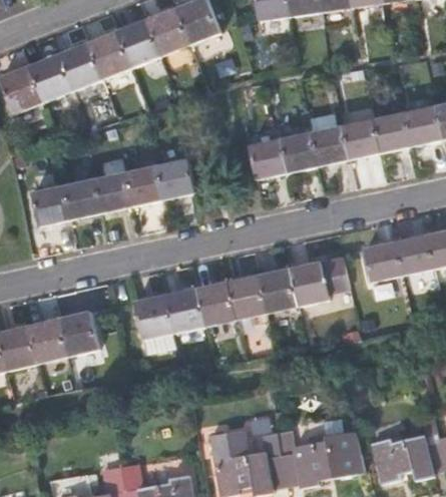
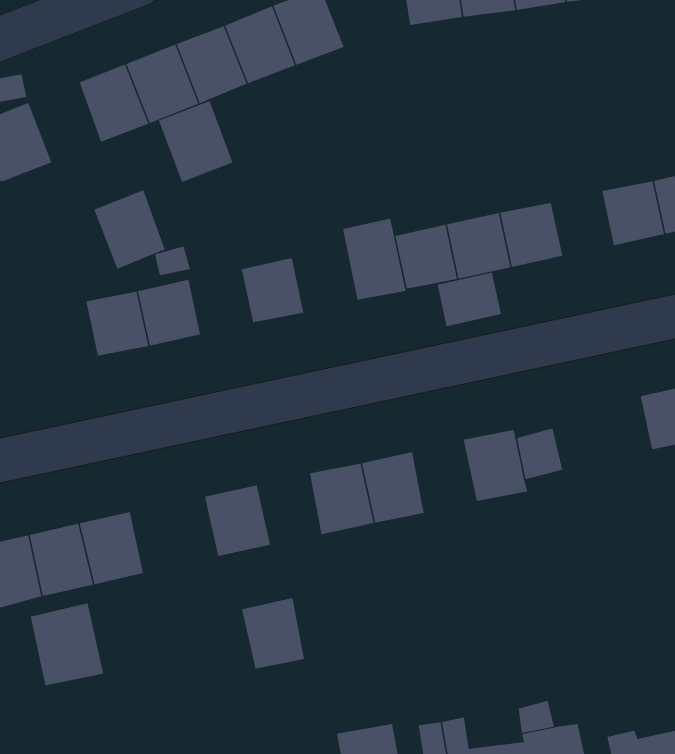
building: [28,53,71,101] -> [94,189,165,270]
building: none -> [158,100,233,183]
building: [342,118,379,157] -> none
building: none -> [343,218,406,300]
building: [124,165,162,204] -> none
building: none -> [437,272,501,327]
building: [31,184,69,224] -> none
building: [363,241,402,281] -> none
building: [259,268,297,312] -> none
building: [165,288,203,331] -> [241,597,305,669]
building: none -> [30,603,104,686]

